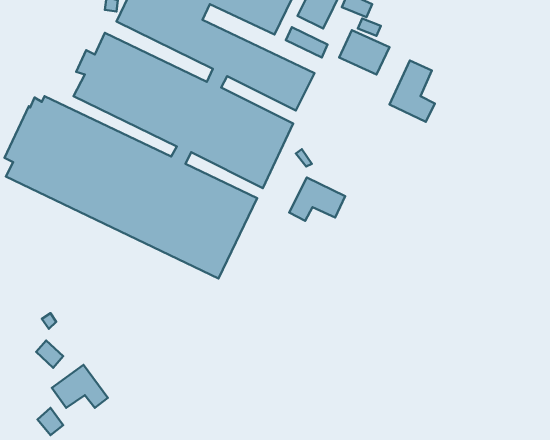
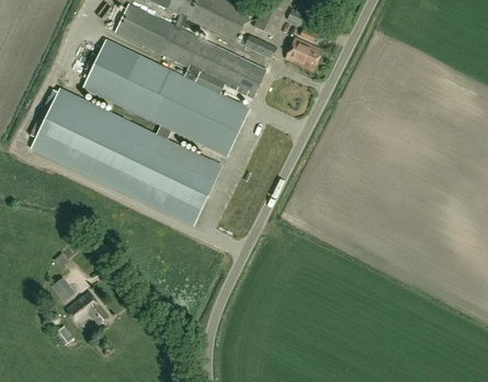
building: [390,61,435,122] -> none
building: [289,177,345,221] -> none

